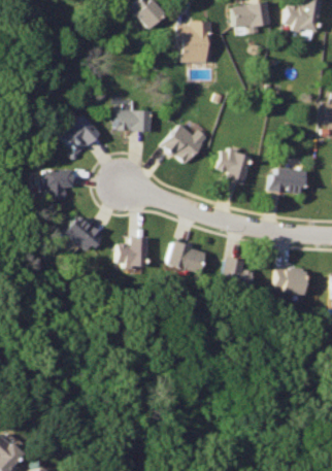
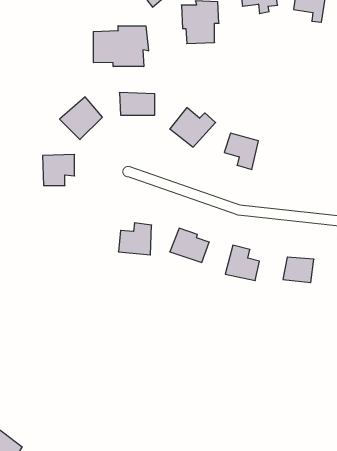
building: none -> [93,26,148,67]
building: [270,168,306,195] -> none
building: [66,215,104,250] -> none

